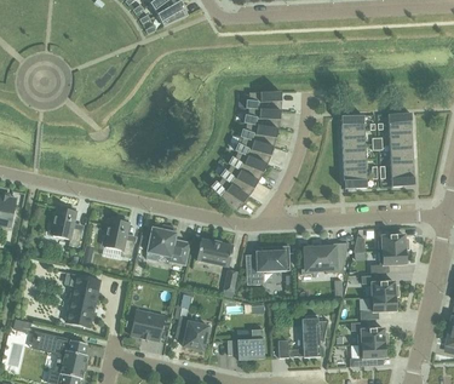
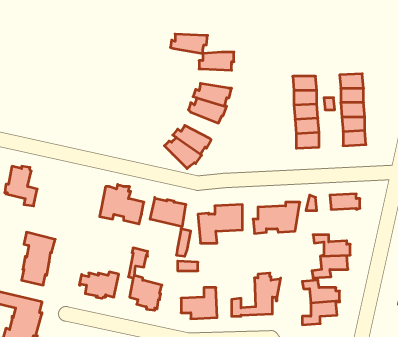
building: [243,108,281,127] -> [170,34,208,53]
building: [228,151,266,178] -> none
building: [102,217,134,258] -> none
building: [370,248,406,273] -> none

